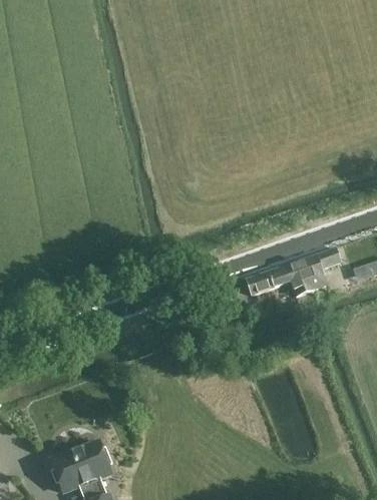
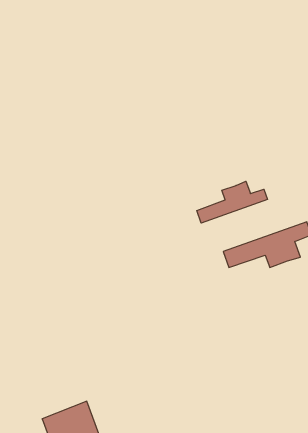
building: none -> [197,181,268,223]

